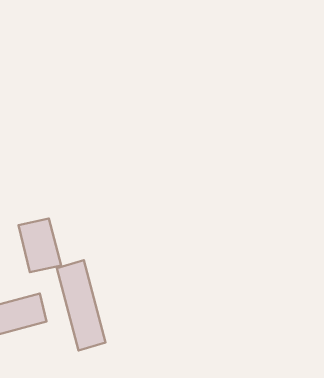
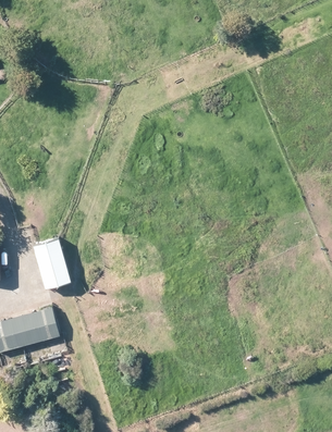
building: [57,260,105,351] -> none

